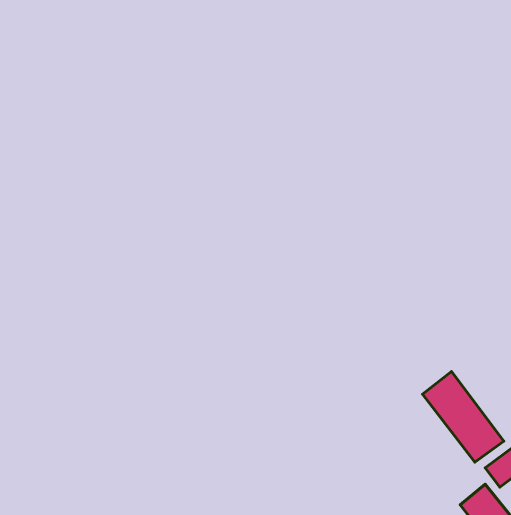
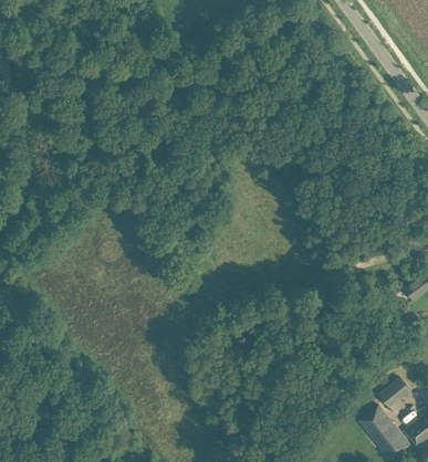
building: [422,372,504,462] -> none

